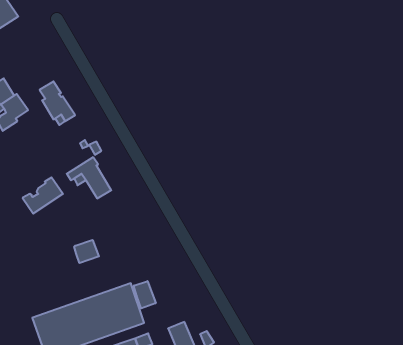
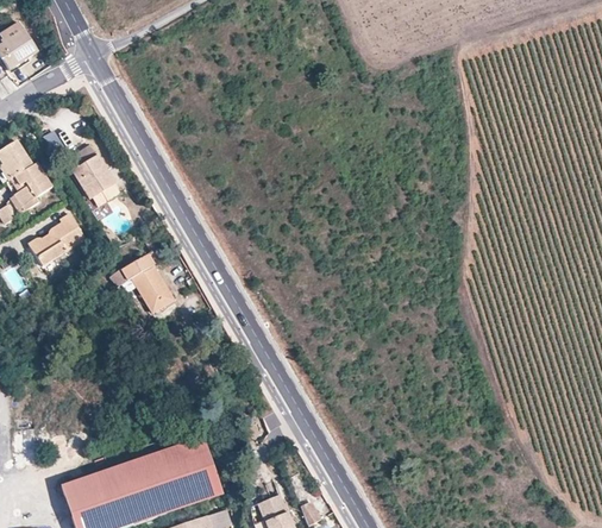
building: [23,177,63,214] -> [29,213,87,265]
building: [74,240,99,263] -> none
building: [134,281,156,308] -> none

